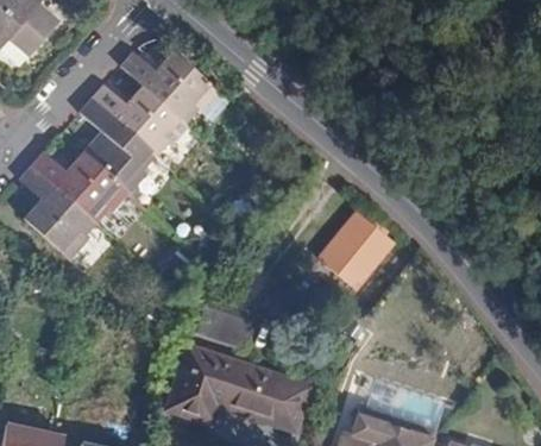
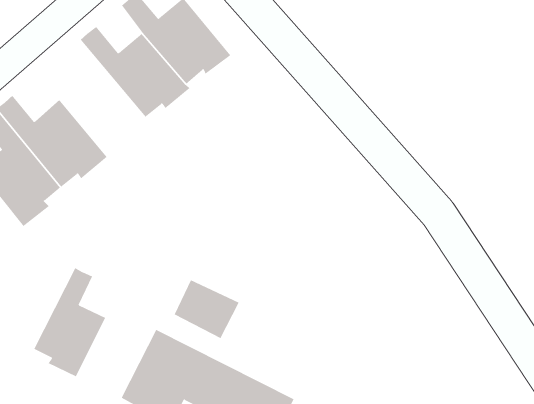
building: [81,100,156,193] -> none
building: [306,226,380,303] -> none
building: none -> [34,267,106,377]

